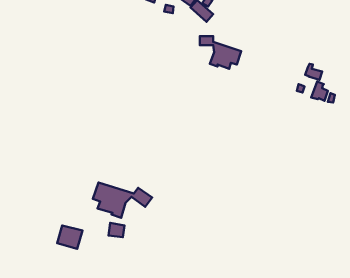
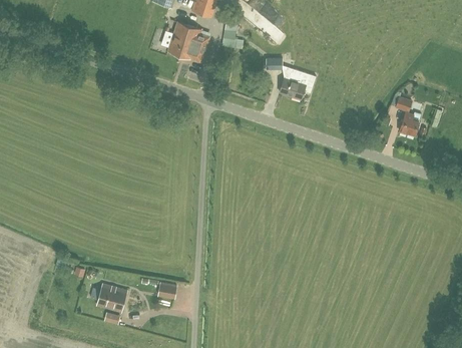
building: none -> [167,22,208,62]
building: [93,183,152,218] -> none

